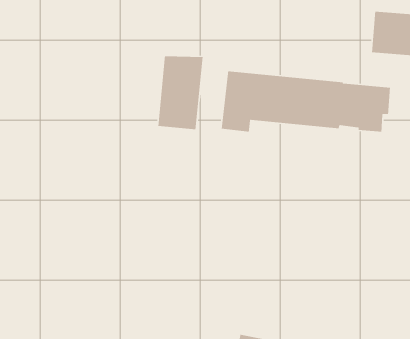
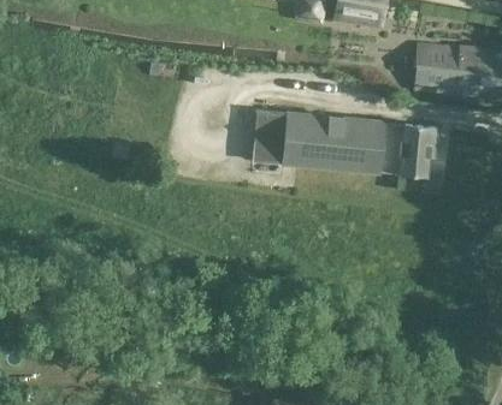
building: [158,55,203,130] -> none

